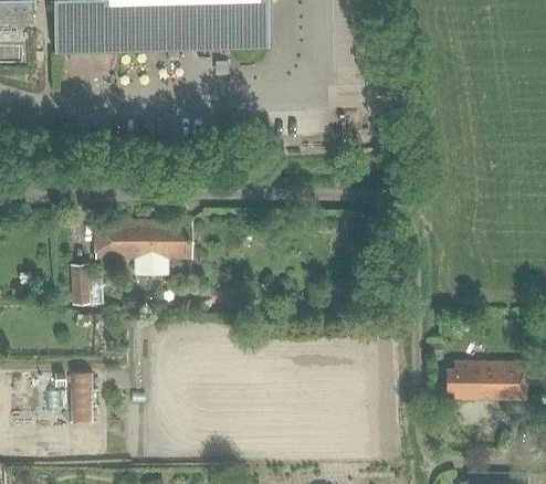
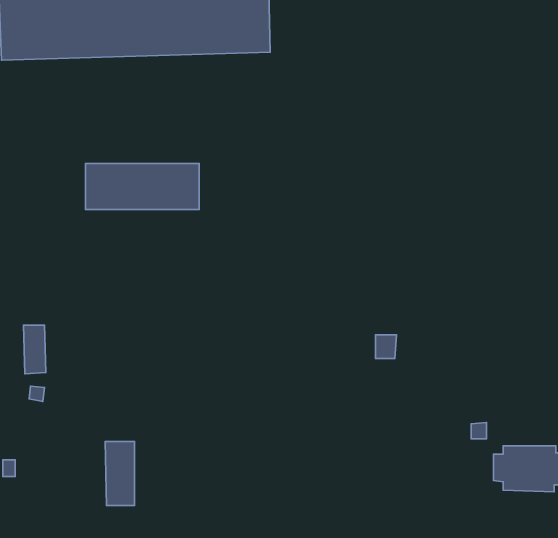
building: [98,221,189,257] -> [86,164,199,209]
building: [70,372,93,423] -> [105,442,134,505]

